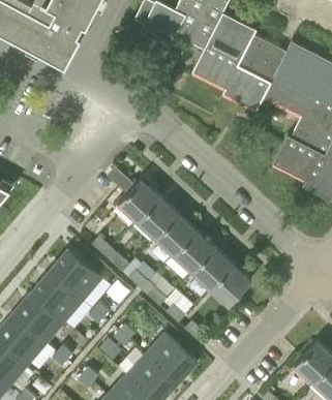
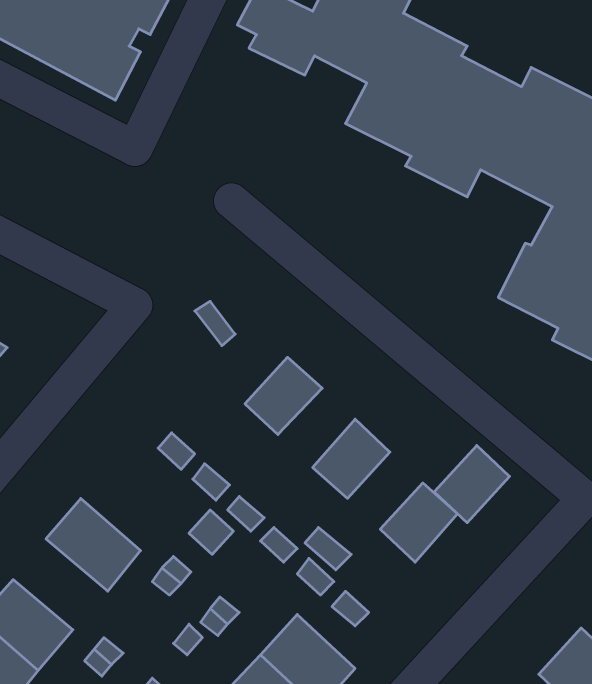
building: [119,180,160,222] -> none
building: [155,214,197,256] -> none
building: [192,248,233,289] -> [434,445,510,523]
building: [50,251,101,301] -> none
building: [13,295,64,343] -> none

